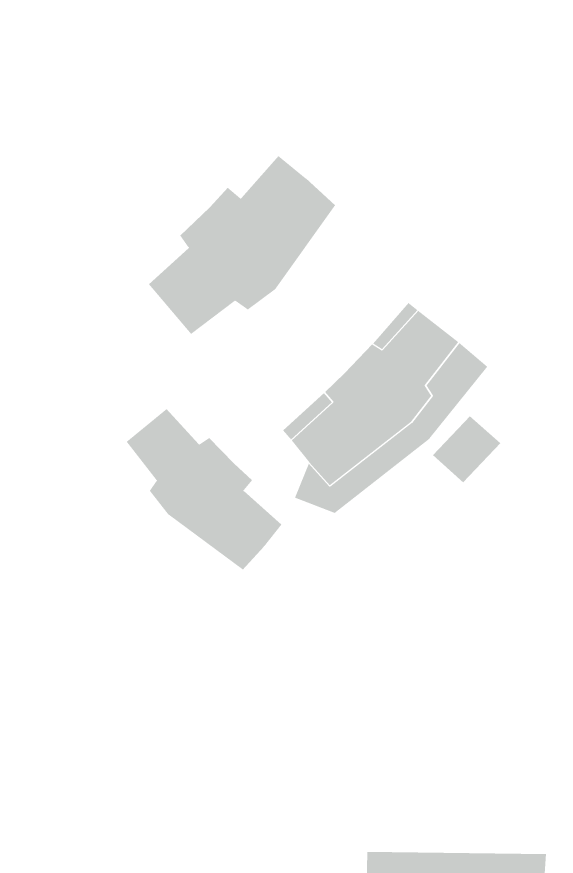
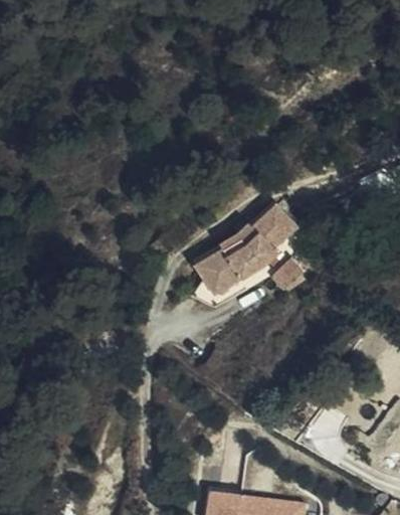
building: [148,155,336,335] -> none
building: [126,408,282,571] -> none

